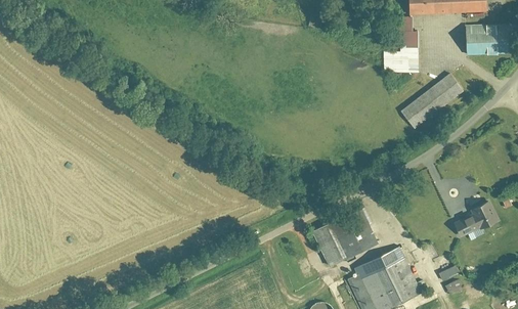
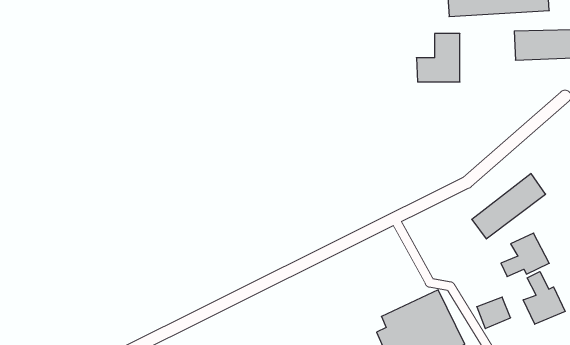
building: [398,74,461,129] -> [472,174,546,239]
building: [312,210,375,265] -> none
building: none -> [523,272,565,324]

